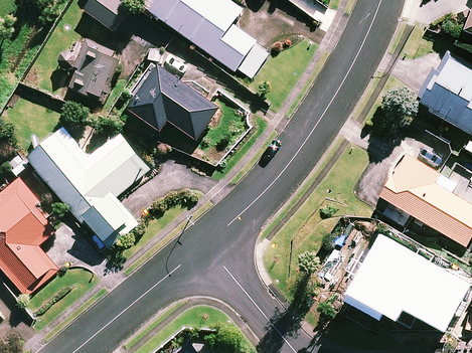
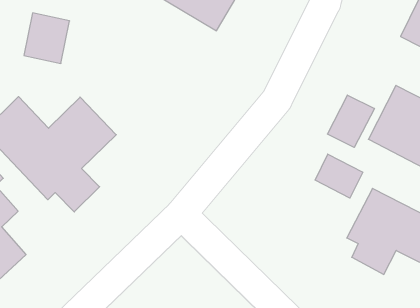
building: [126,60,219,138] -> none
building: none -> [327,95,374,147]
building: none -> [315,154,363,198]

